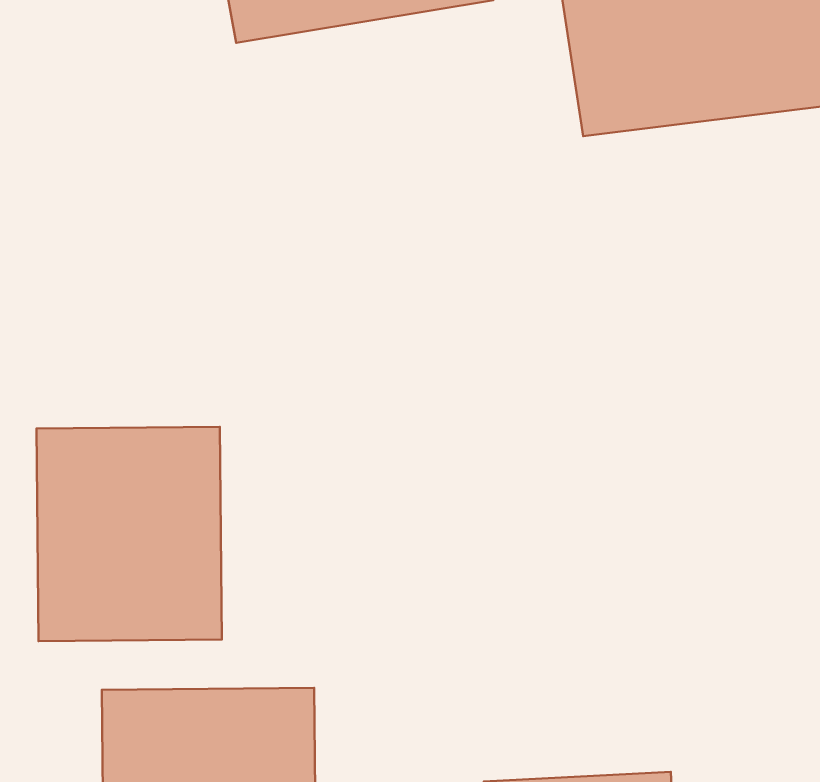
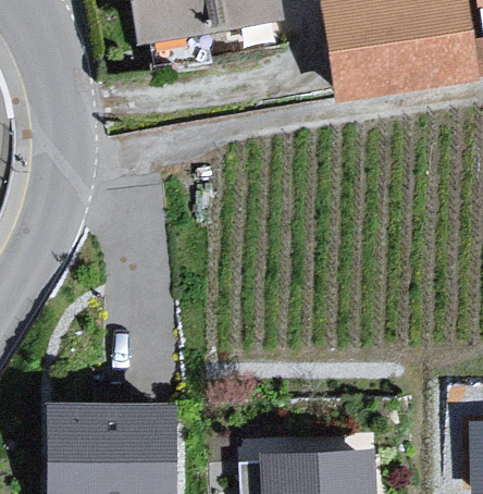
building: [36,427,222,641] -> none

